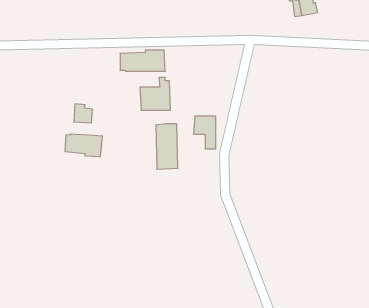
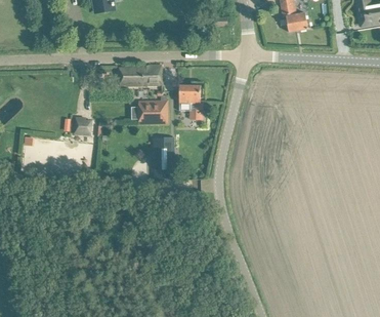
building: [194,116,216,149] -> [178,84,200,116]
building: [65,134,102,157] -> none

